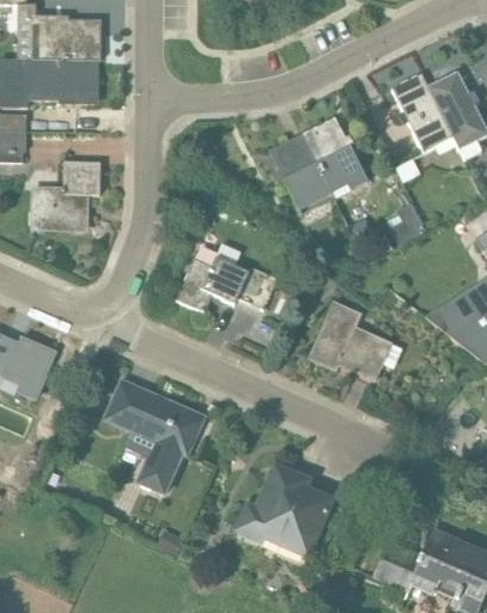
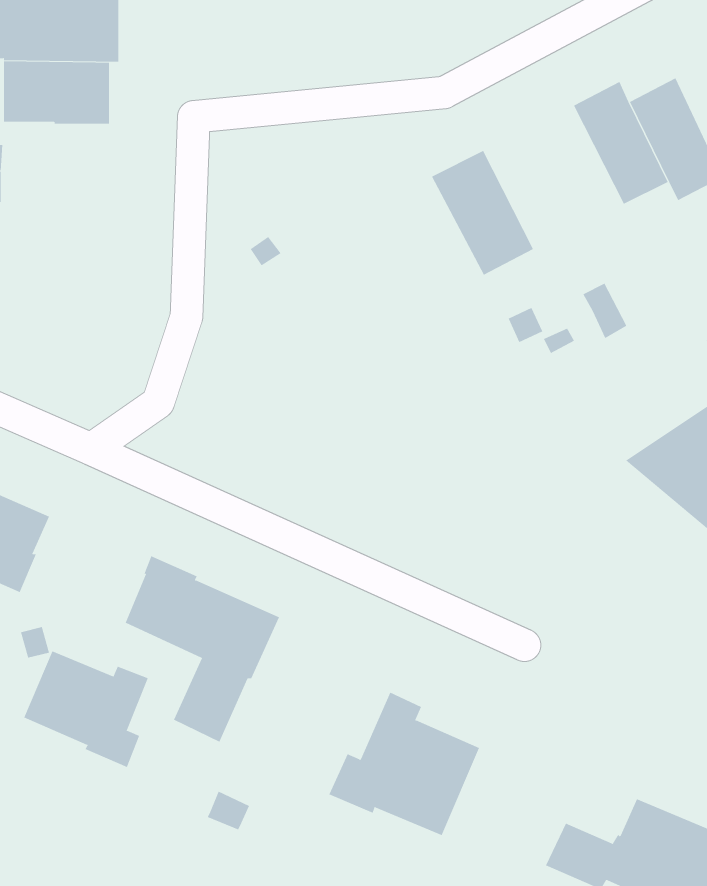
building: [268,133,334,213] -> none
building: [32,160,99,227] -> none
building: [175,256,276,311] -> none
building: [309,299,391,380] -> none
building: none -> [23,650,149,768]

